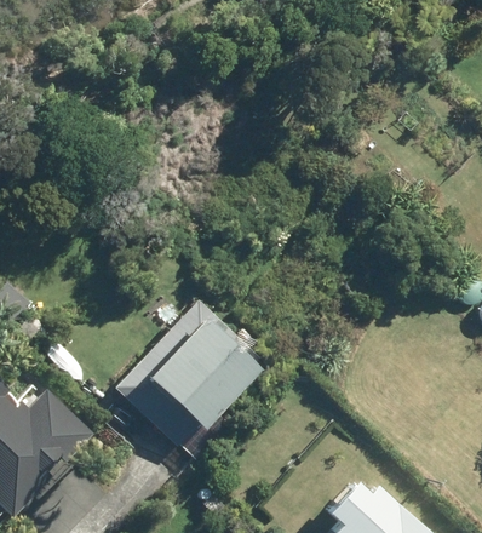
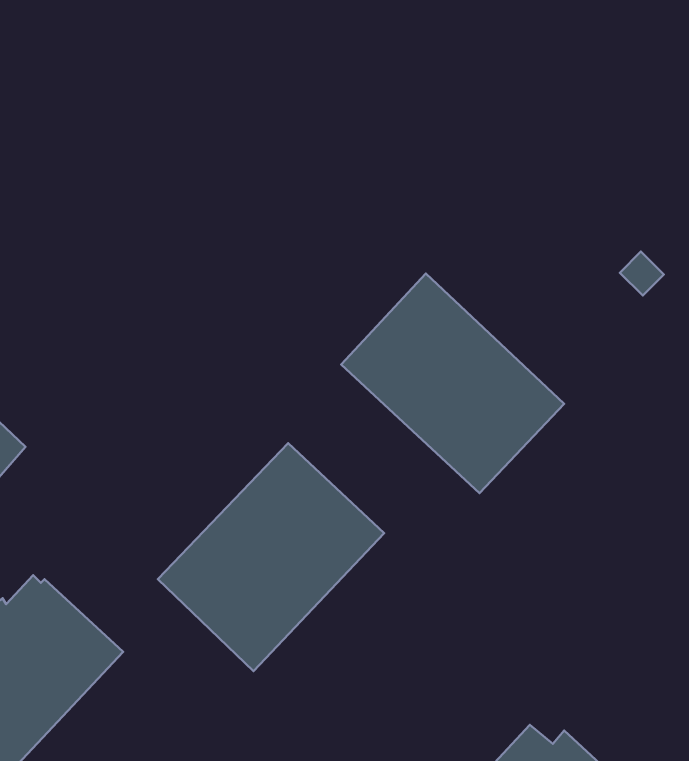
building: none -> [341,274,564,493]

